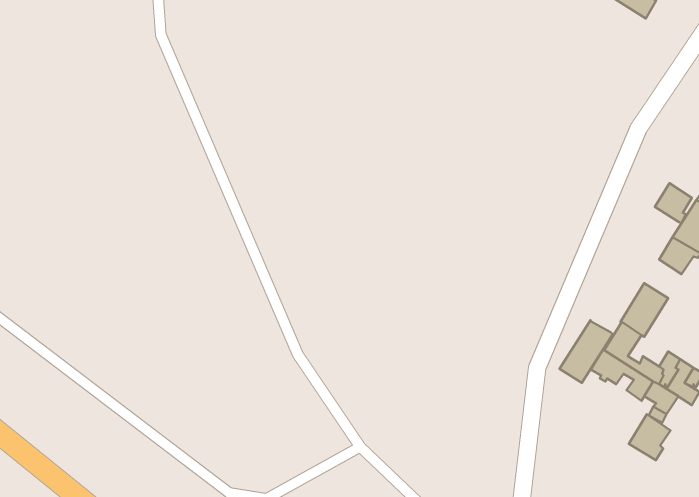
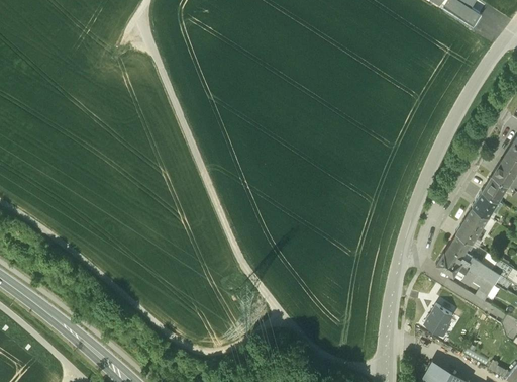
building: [655,183,692,223] -> [473,189,498,216]
building: [560,320,613,383] -> none
building: [629,414,671,460] -> [425,303,453,335]

